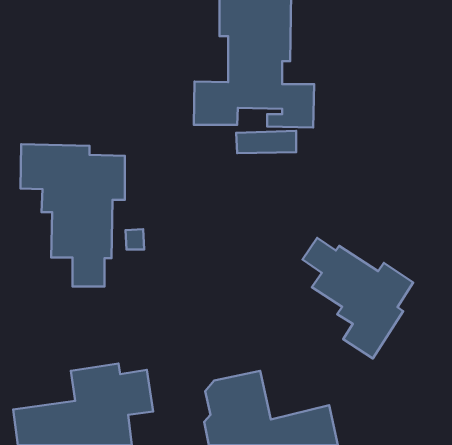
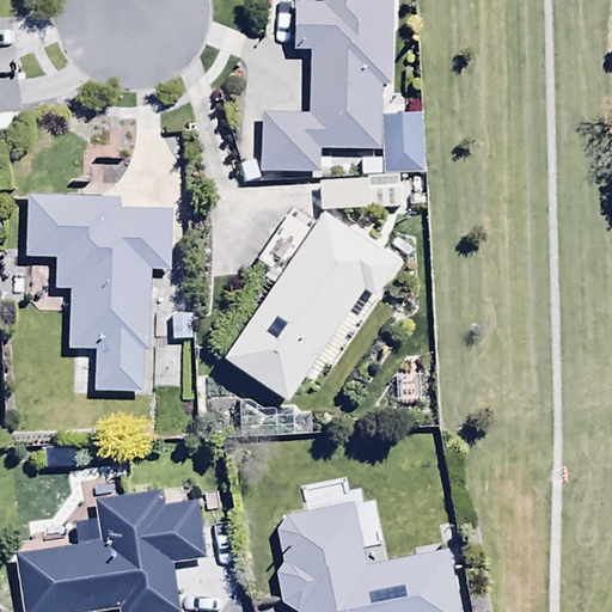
building: none -> [227,212,402,403]
building: [302,238,413,358] -> none

